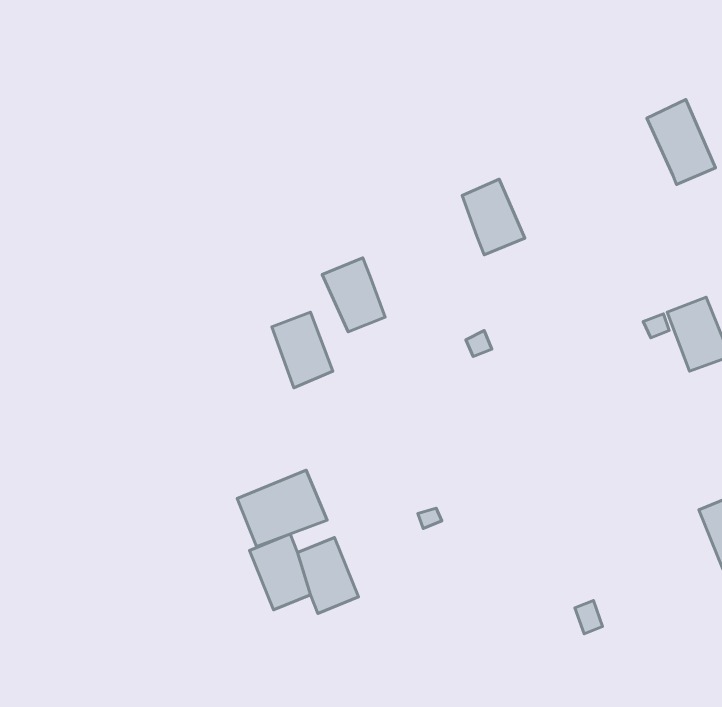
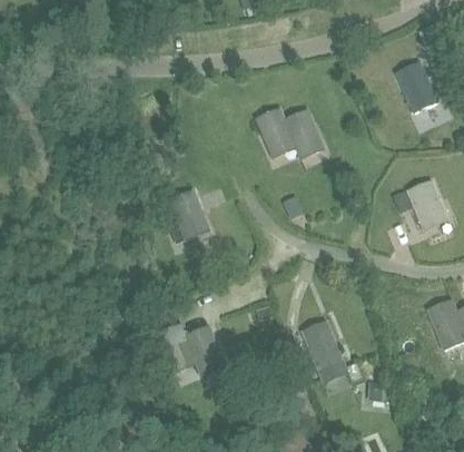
building: [322,258,385,332] -> [256,109,294,154]
building: [237,470,327,547] -> none
building: none -> [302,322,345,379]

